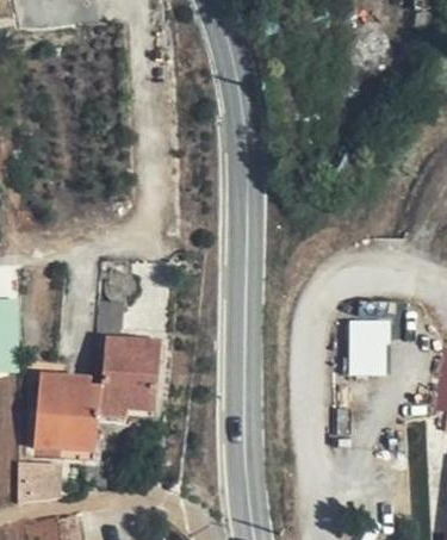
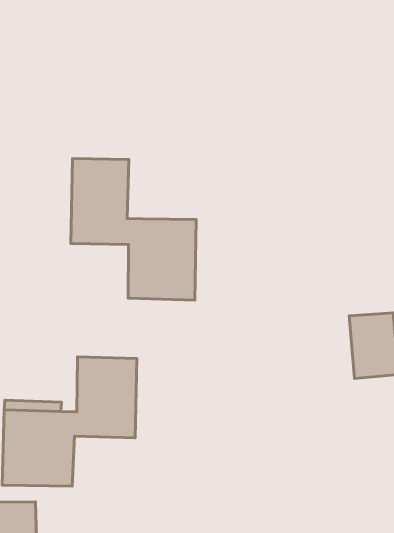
building: none -> [71,159,196,300]

